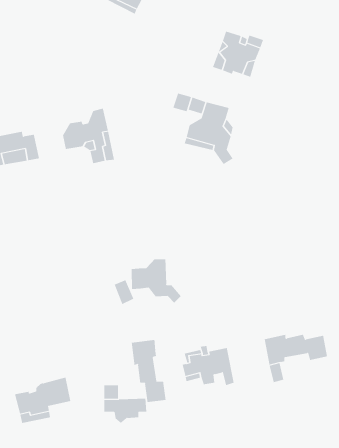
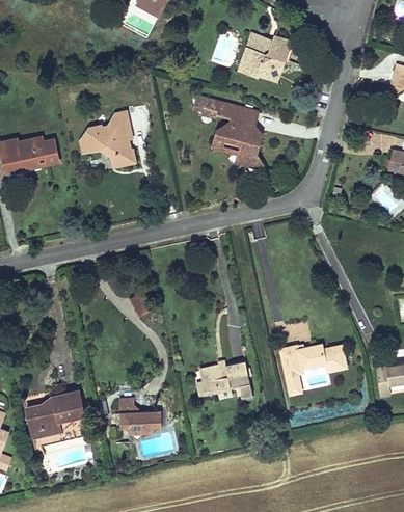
building: [131,258,181,304] -> none
building: [131,339,166,403] -> none

